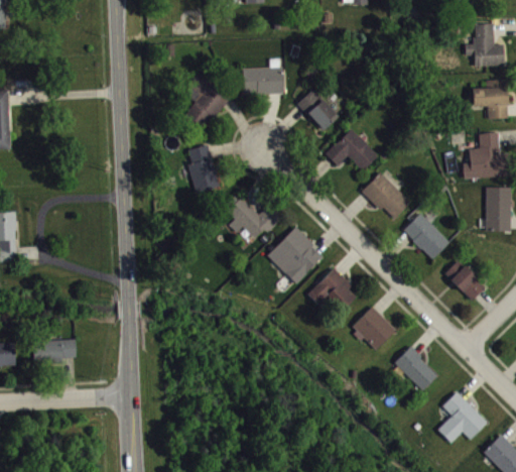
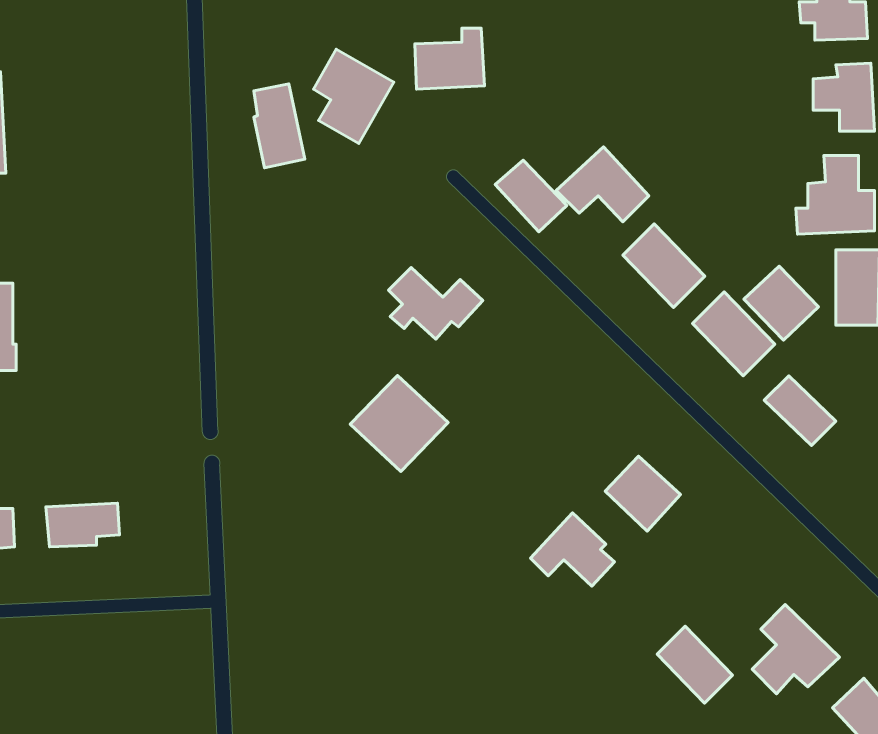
building: [297,90,339,131] -> [495,160,567,232]
building: [189,145,219,194] -> [254,84,305,168]
building: none -> [744,266,819,340]
building: [267,228,324,283] -> [350,375,448,471]
building: [308,268,357,311] -> [531,513,615,586]
building: [394,347,437,391] -> [657,626,732,703]

